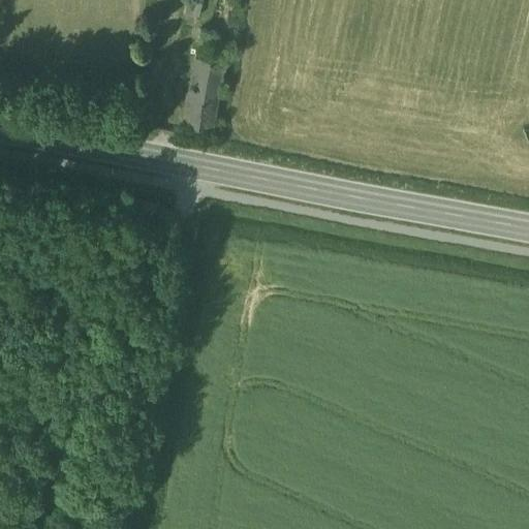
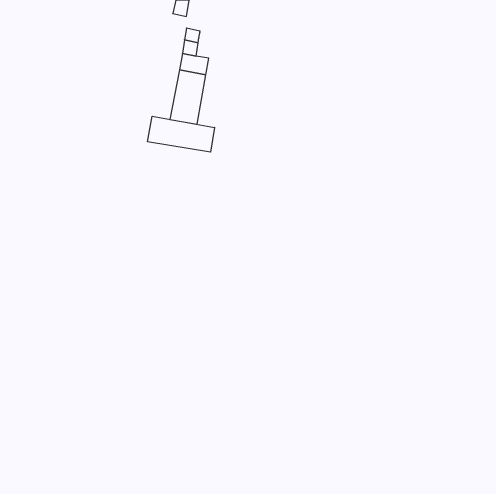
building: none -> [148,116,215,152]

